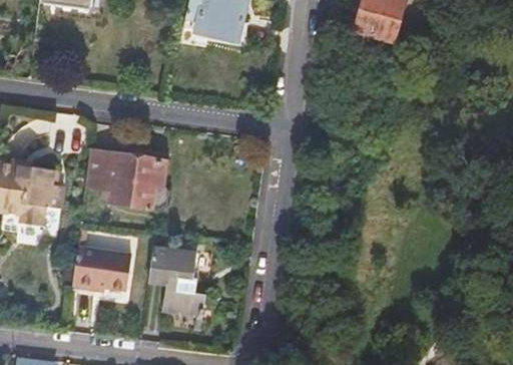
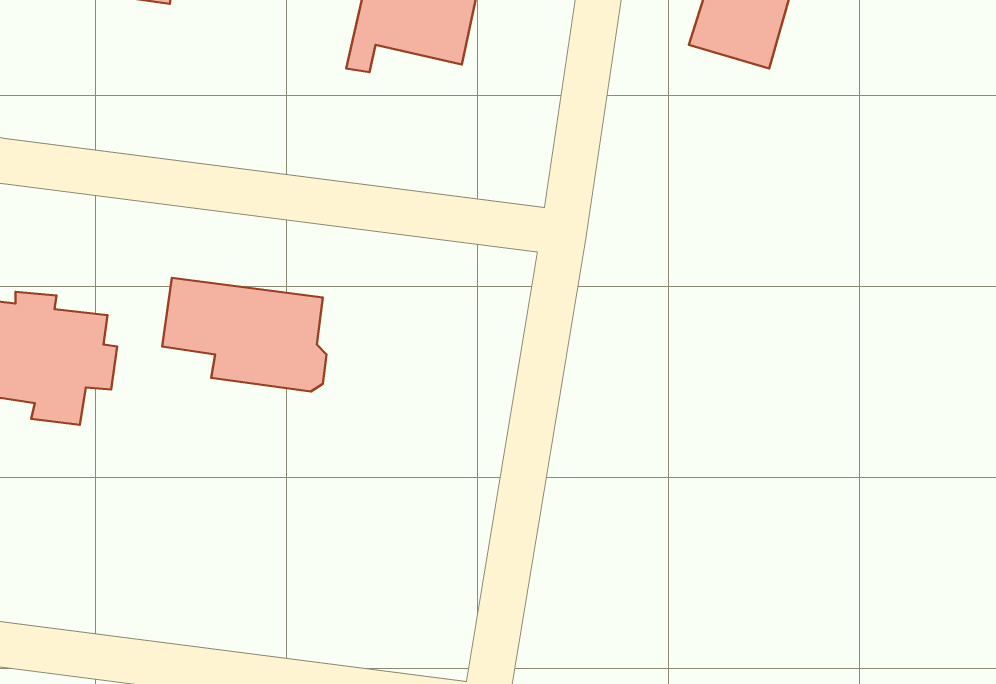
building: [71,246,130,290] -> none
building: [147,247,205,320] -> none

